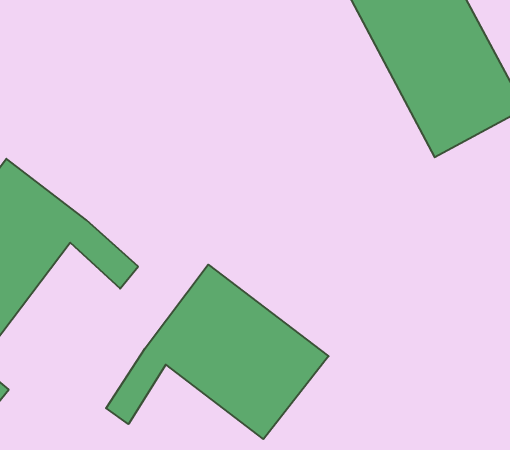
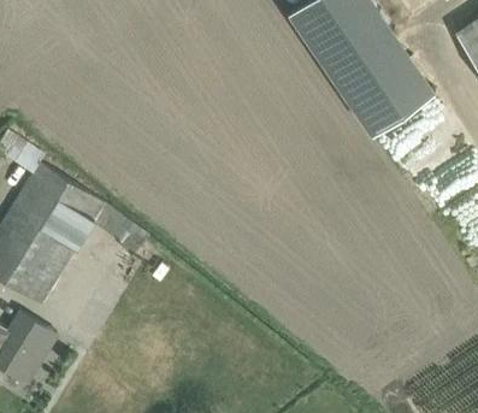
building: [106,265,329,439] -> none

